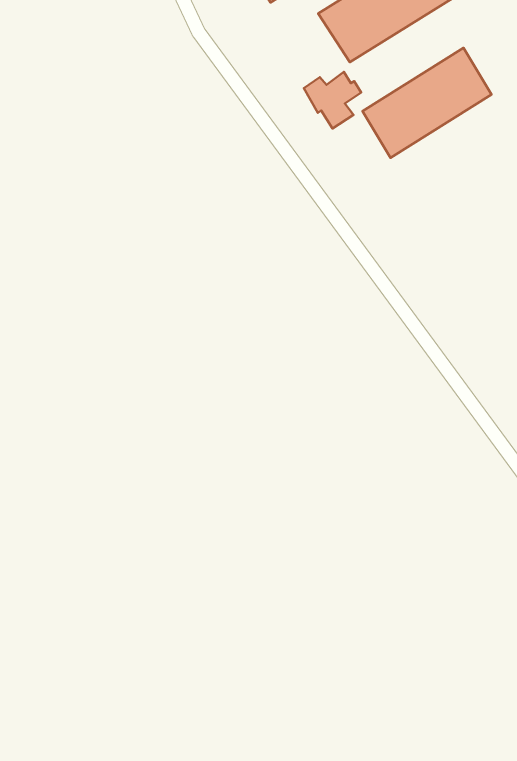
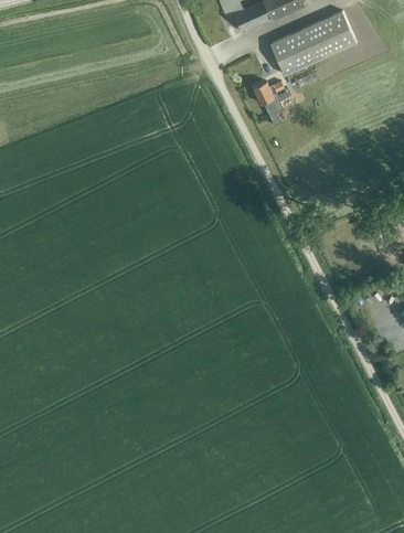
building: [362,48,492,158] -> none

